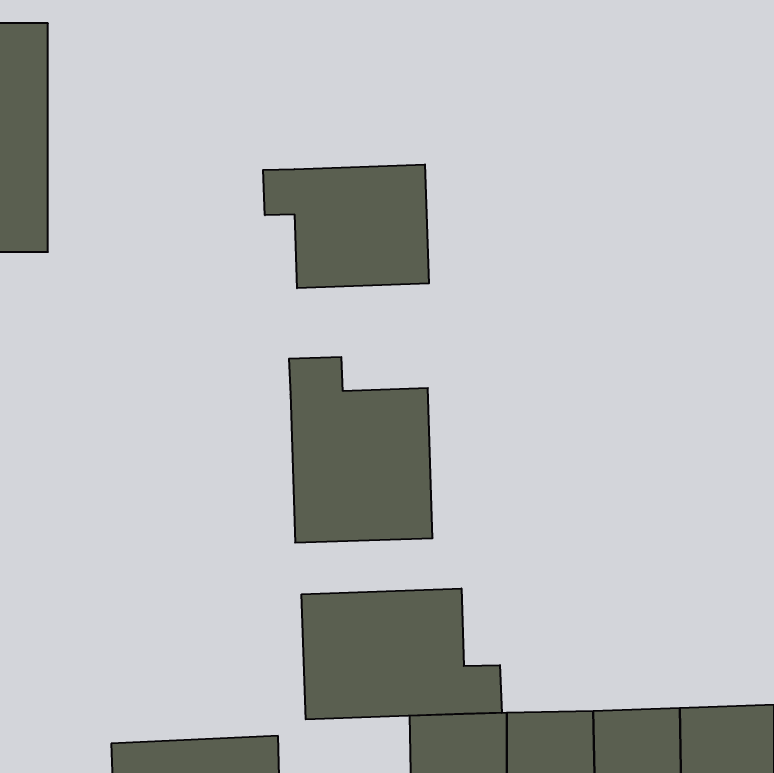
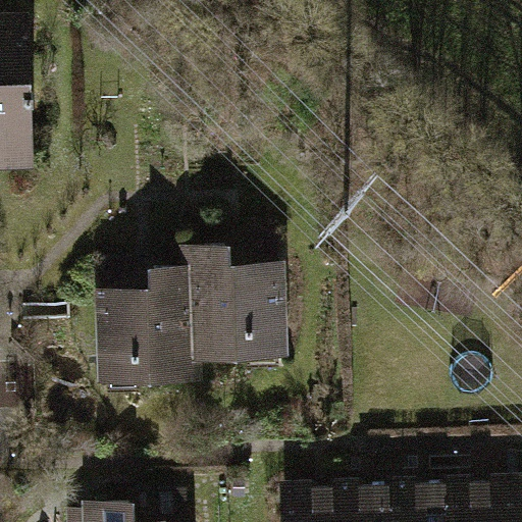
building: [263,164,429,288] -> none
building: none -> [86,271,196,388]
building: [302,588,502,719] -> none

